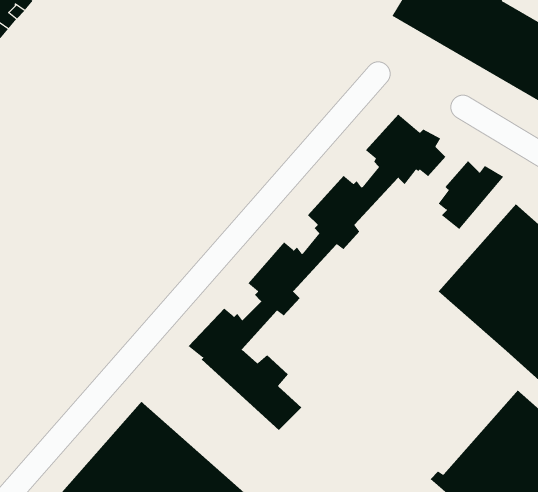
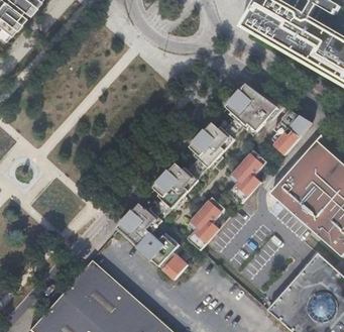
building: none -> [231,150,267,202]
building: none -> [190,197,225,249]

